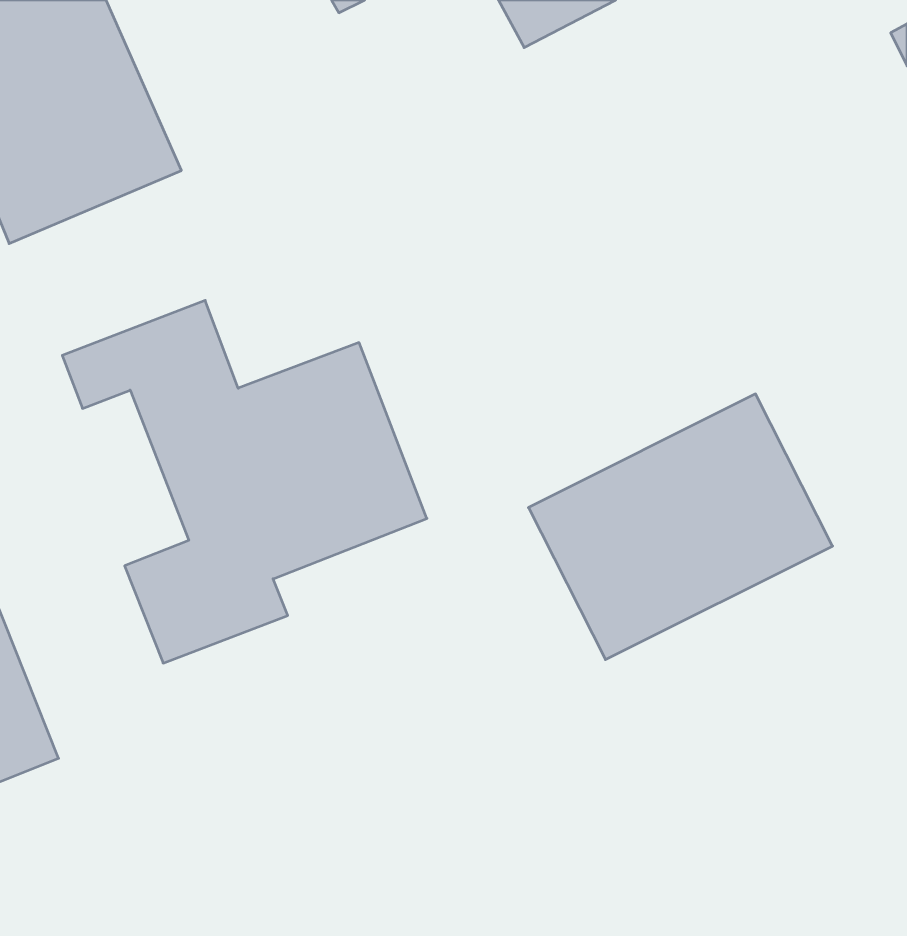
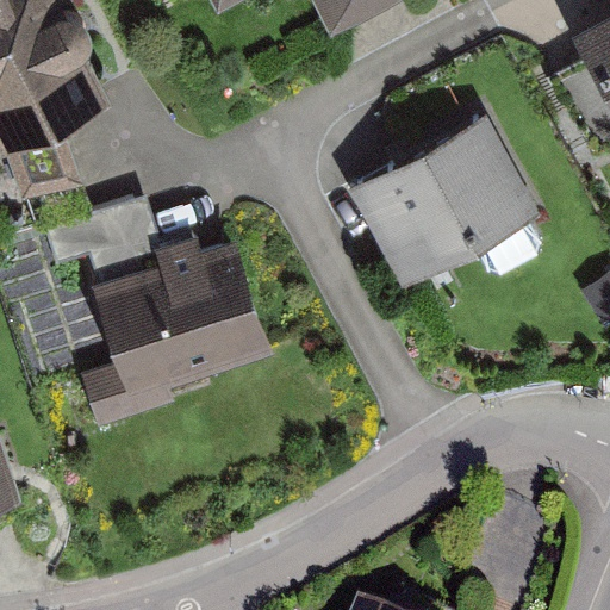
building: [528,394,833,660] -> [353,118,550,291]

